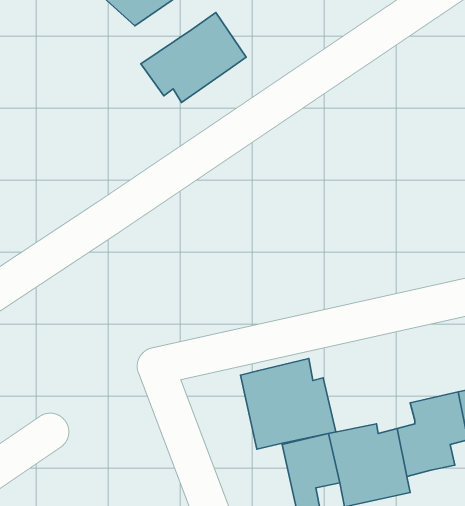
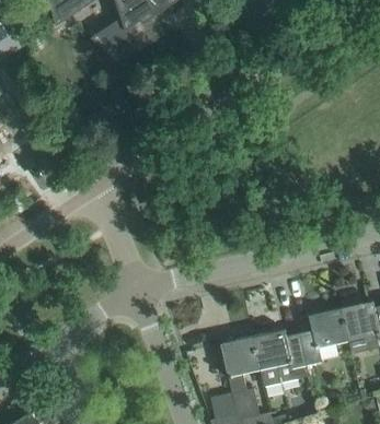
building: [141,13,246,102] -> none
building: [240,359,336,449] -> none

